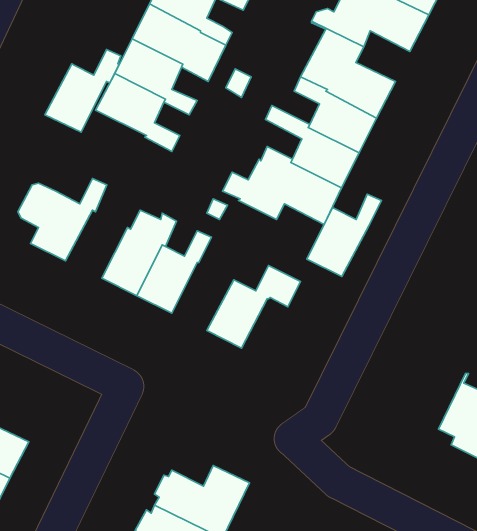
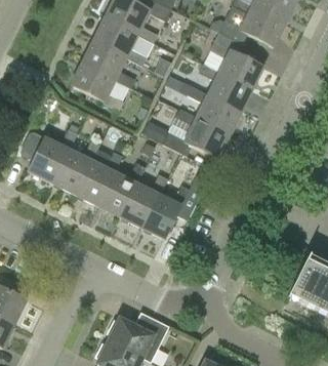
building: [45,50,121,132] -> [50,139,99,193]
building: [307,194,381,277] -> [119,173,167,227]

